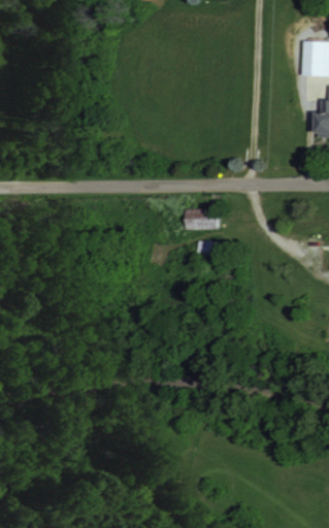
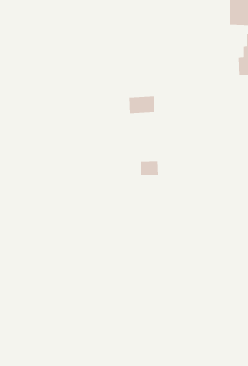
building: [186,208,218,231] -> [128,95,155,114]

